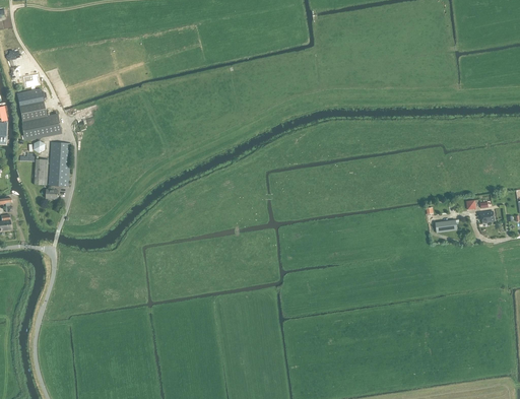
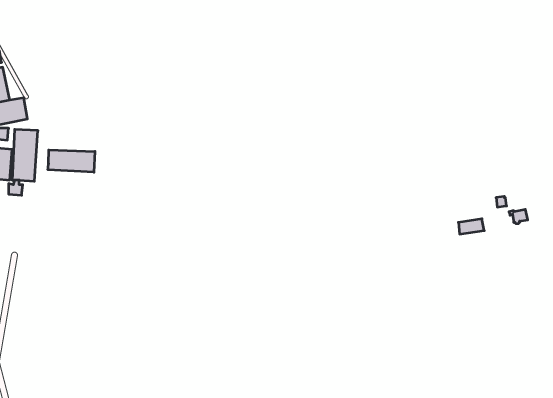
building: none -> [48,150,95,172]

